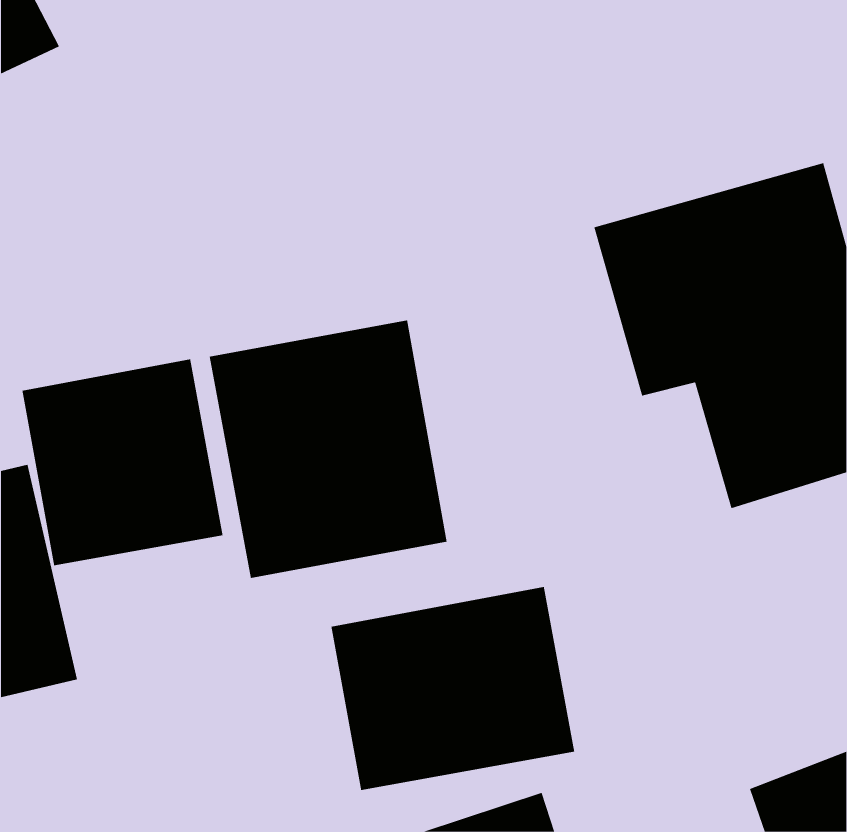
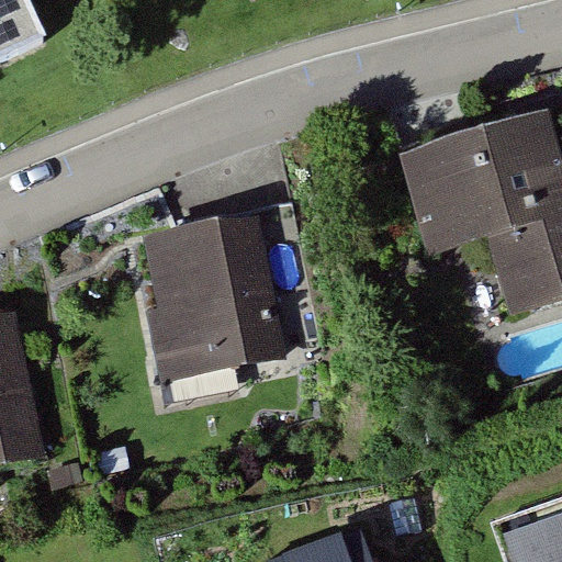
building: [22,359,223,566] -> none
building: [331,586,575,791] -> none

